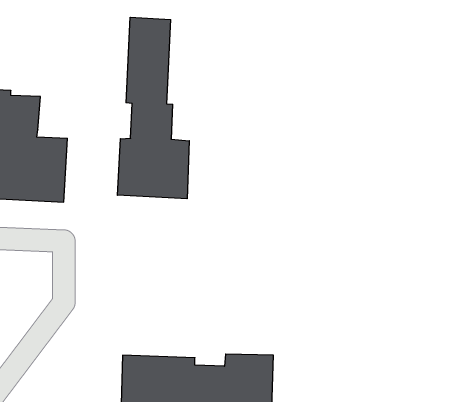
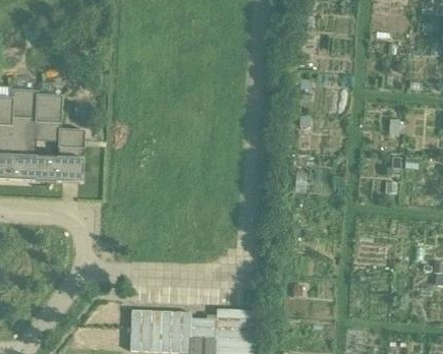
building: [117,17,189,199] -> none

